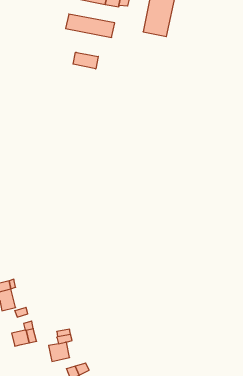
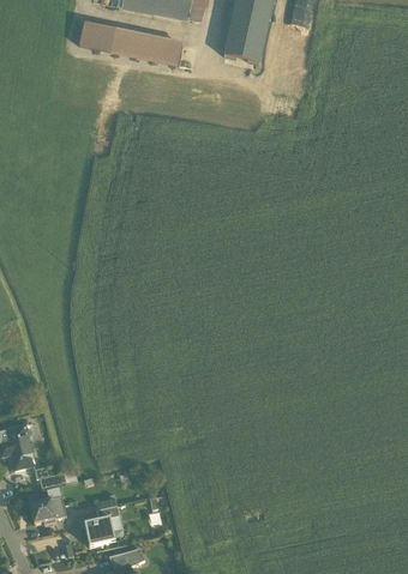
building: none -> [79,23,114,50]
building: [73,52,98,69] -> none

